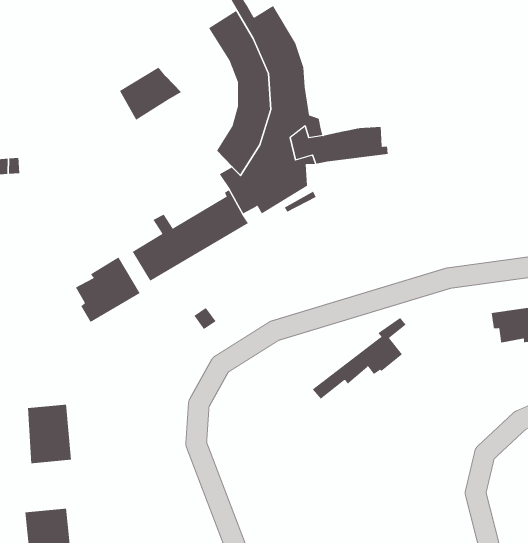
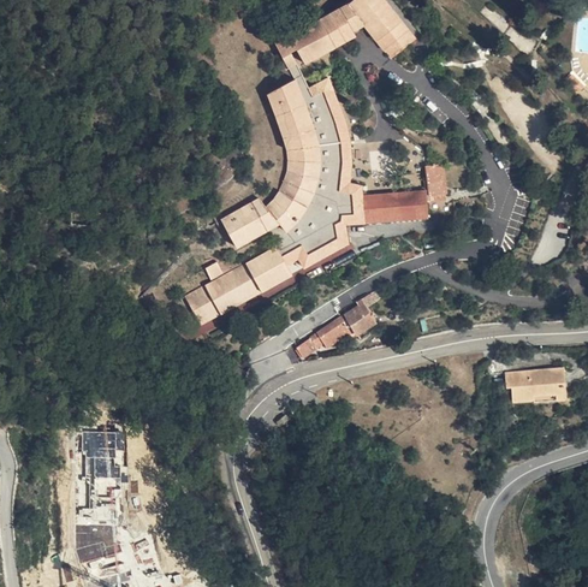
building: [119,67,182,120] -> [224,198,280,245]
building: none -> [416,166,445,220]
building: [75,256,140,323] -> none
building: [312,317,406,400] -> [292,287,381,357]

